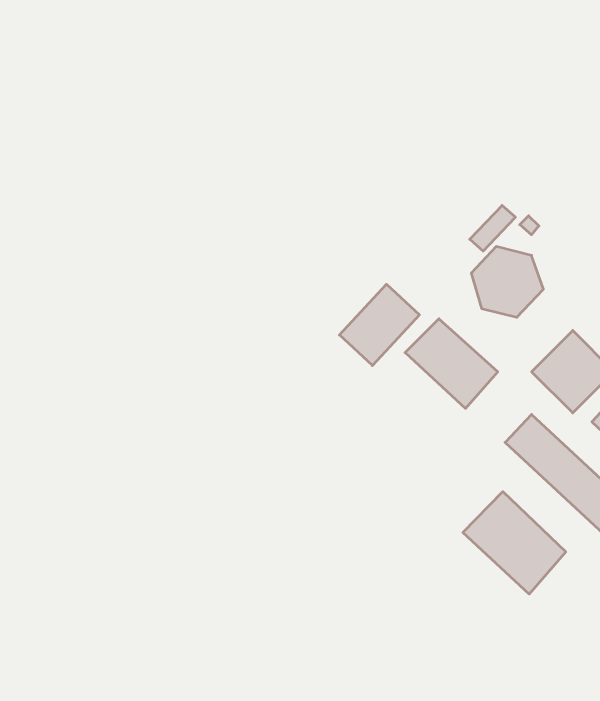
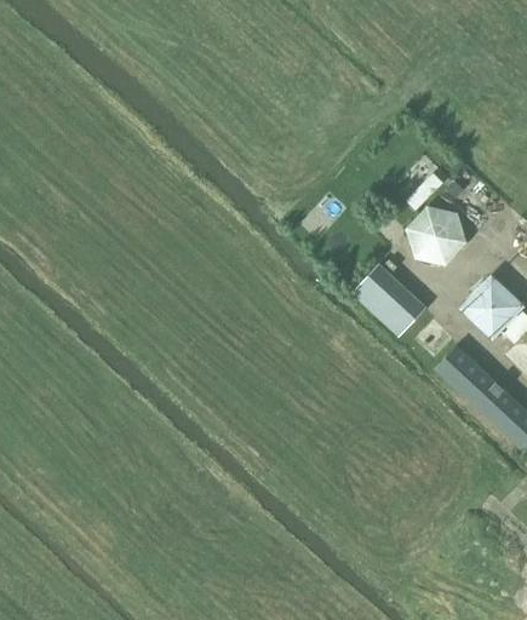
building: [339,284,419,366] -> none
building: [463,492,566,594] -> none

